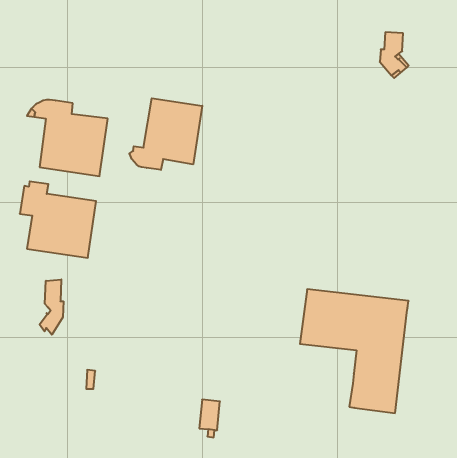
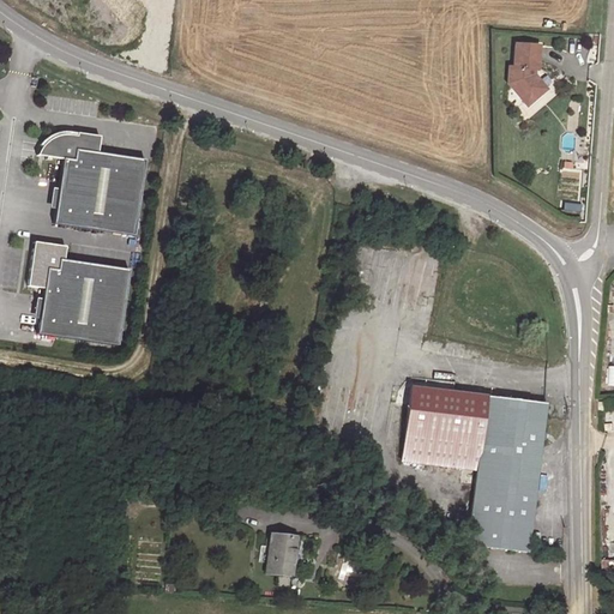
building: [129,98,202,170] -> none
building: [40,279,63,335] -> none

